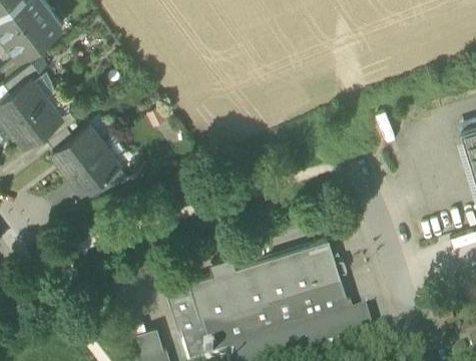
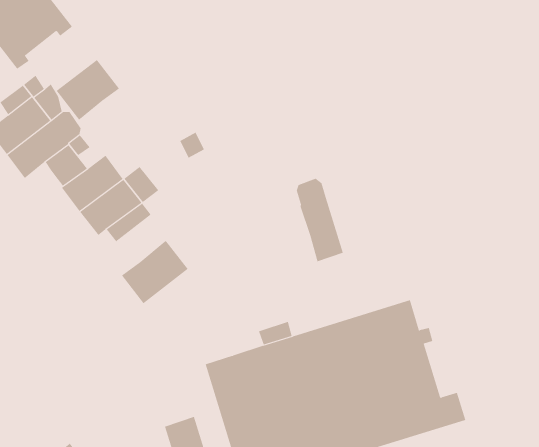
building: none -> [56,59,120,120]
building: none -> [296,178,344,262]
building: none -> [121,240,189,304]

